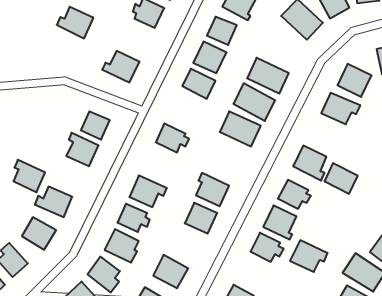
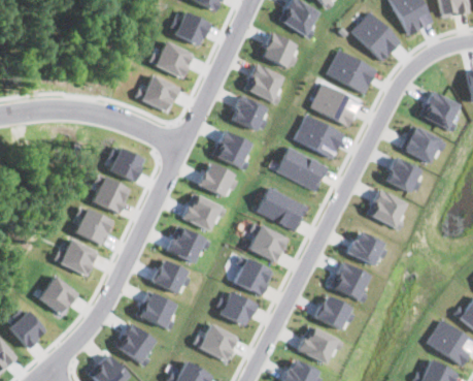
building: [57,7,93,38] -> [148,40,193,78]
building: none -> [326,50,376,94]
building: none -> [212,130,251,169]
building: none -> [256,186,308,231]
building: none -> [182,192,222,231]
building: [13,160,45,192] -> [74,205,112,245]
building: [324,163,358,194] -> [384,157,425,194]
building: none -> [221,292,255,325]
building: [290,240,328,272] -> [296,325,341,363]

